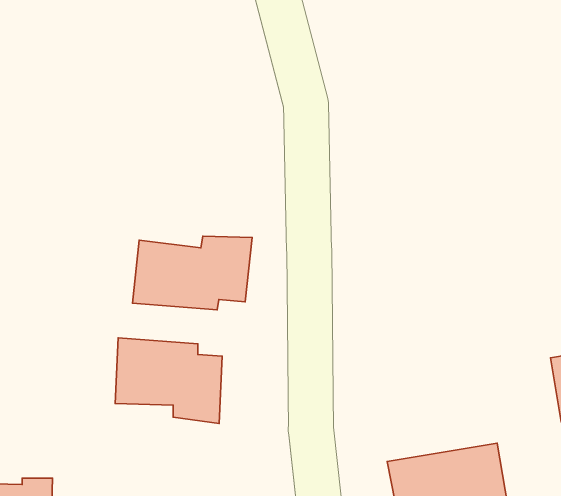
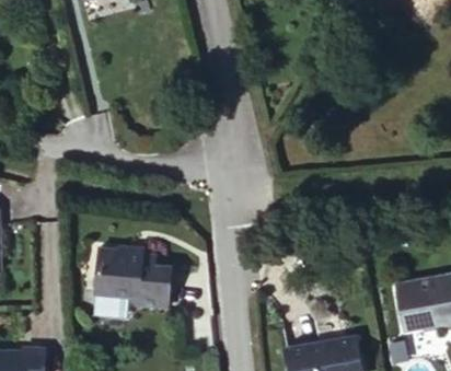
building: [132,236,252,310] -> none

